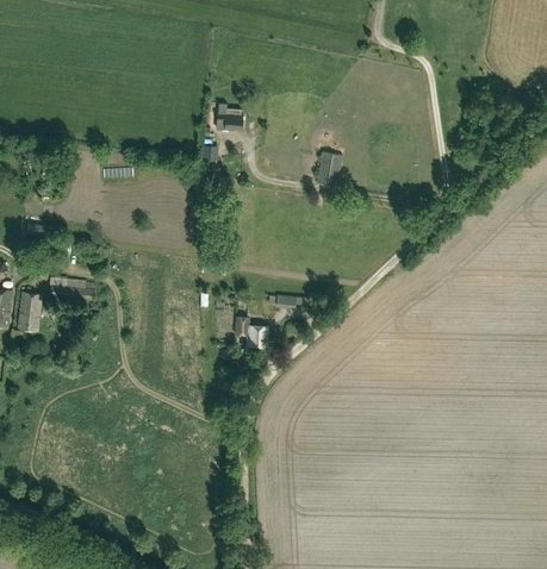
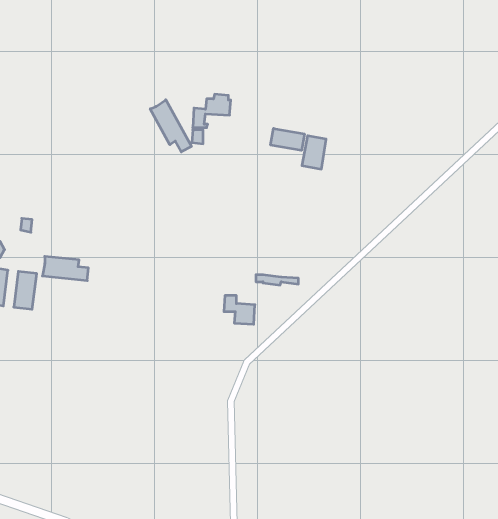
building: none -> [150,100,191,152]
building: none -> [271,128,304,150]

